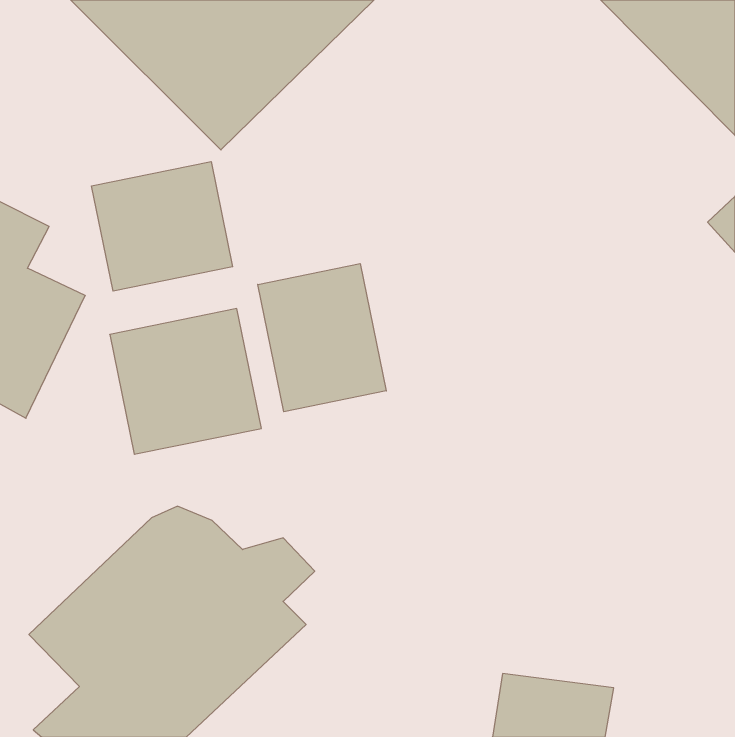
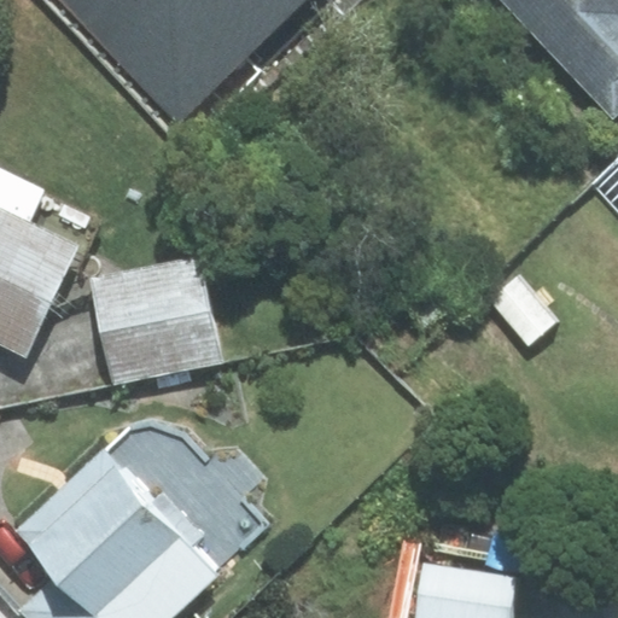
building: [92,162,233,291] -> none
building: [258,264,386,412] -> none

